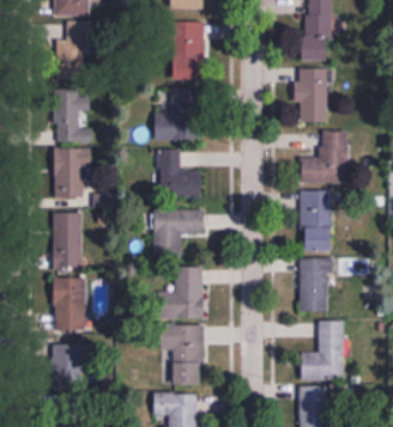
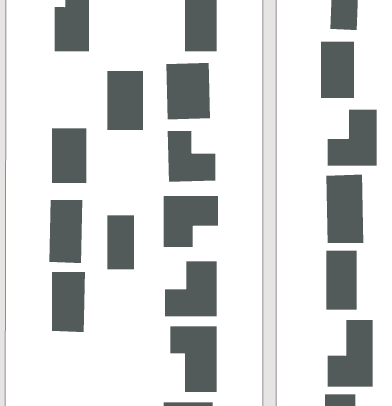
building: [54,89,87,142] -> [107,71,144,131]
building: none -> [107,214,135,270]
building: [53,343,83,388] -> none

